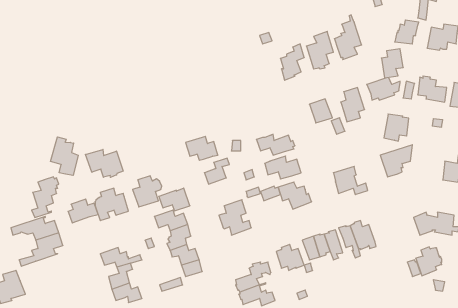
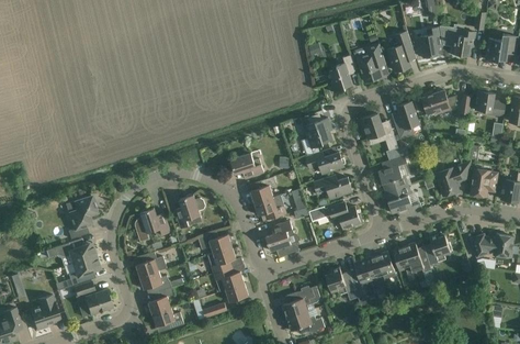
building: [381,49,403,78] -> [419,26,442,57]
building: none -> [301,114,331,154]
building: [384,114,409,141] -> [470,168,496,197]
building: [51,137,78,175] -> none
building: none -> [377,155,407,191]
building: [85,149,123,177] -> none
building: [159,188,190,211] -> [253,195,286,219]
building: [68,199,98,223] -> [135,252,167,277]
building: [416,247,442,276] -> [422,234,450,265]
building: none -> [74,281,111,313]

